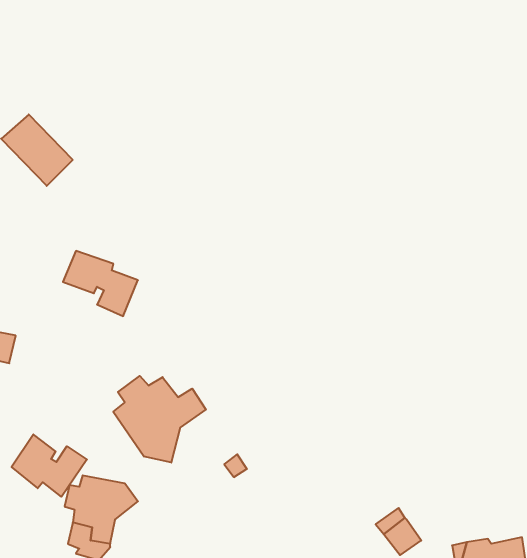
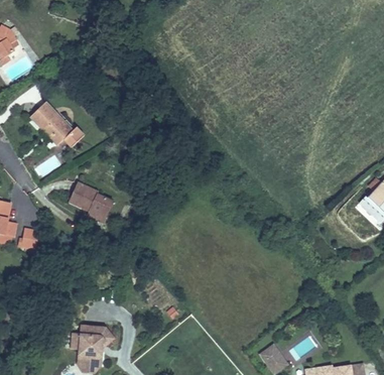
building: [113,376,206,463] -> none
building: [12,434,87,497] -> none

